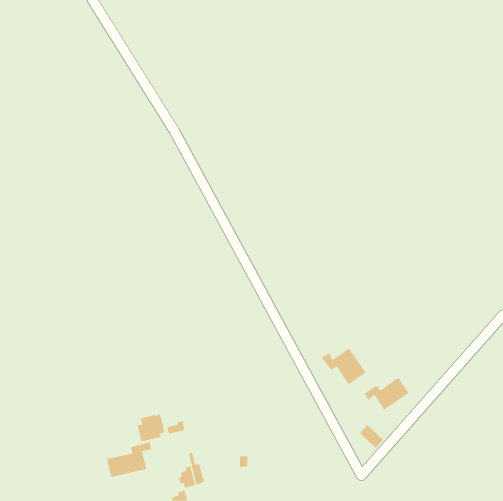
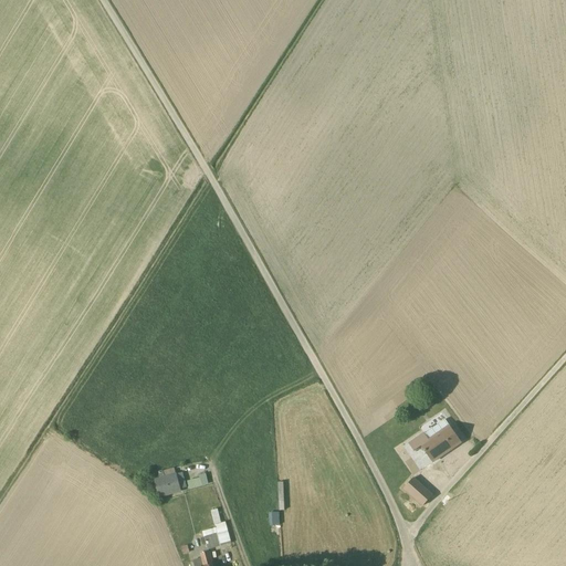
building: [321,347,366,385] -> none
building: [106,441,152,478] -> none

